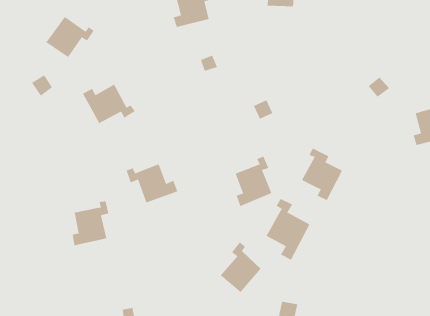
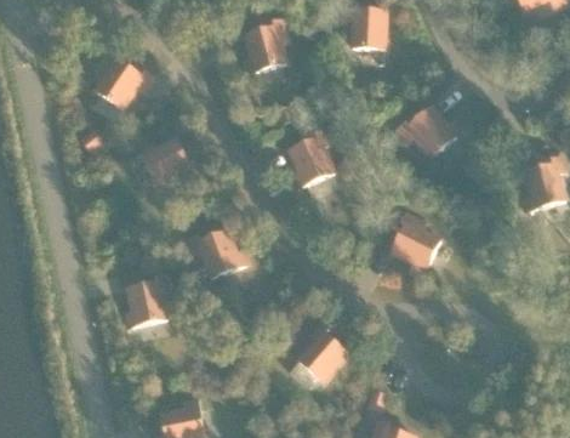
building: none -> [398,107,462,157]
building: [235,156,272,207] -> [291,129,335,188]
building: [266,198,310,261] -> none

